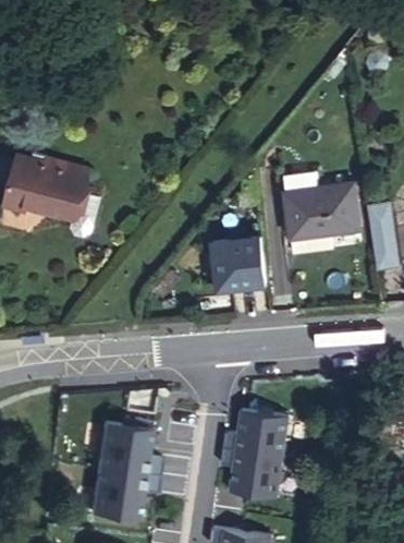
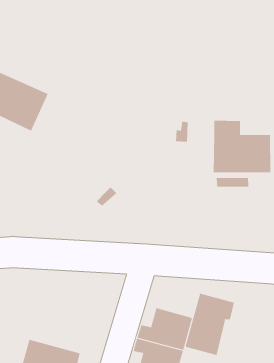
building: [215,237,269,292] -> none
building: none -> [185,293,234,356]
building: [98,424,164,476] -> none

